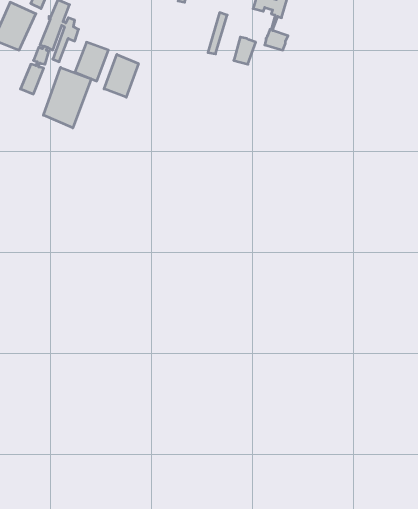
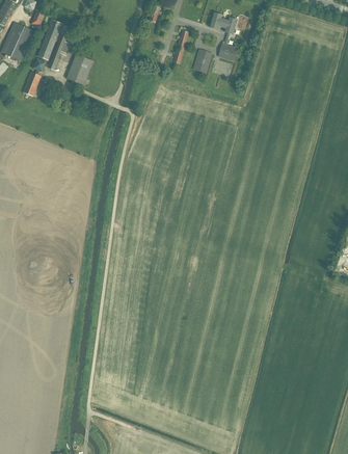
building: [104,54,138,97] -> none
building: [43,67,91,128] -> none

